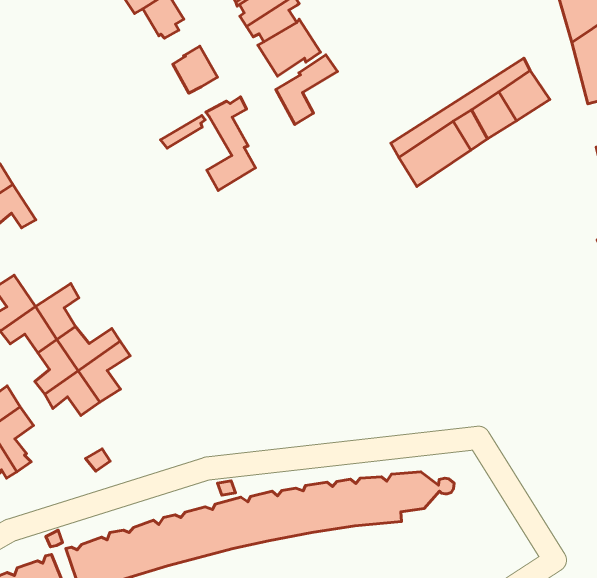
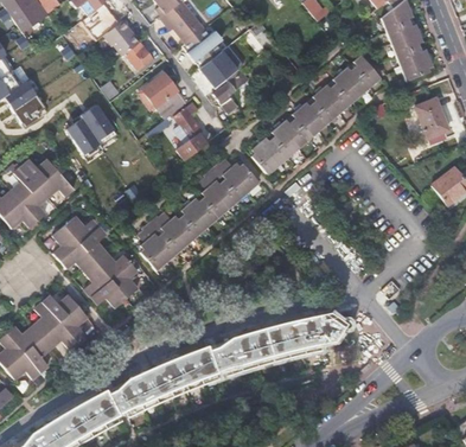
building: none -> [65,102,120,155]
building: none -> [249,116,307,173]
building: none -> [138,158,260,269]
building: none -> [65,215,103,242]

